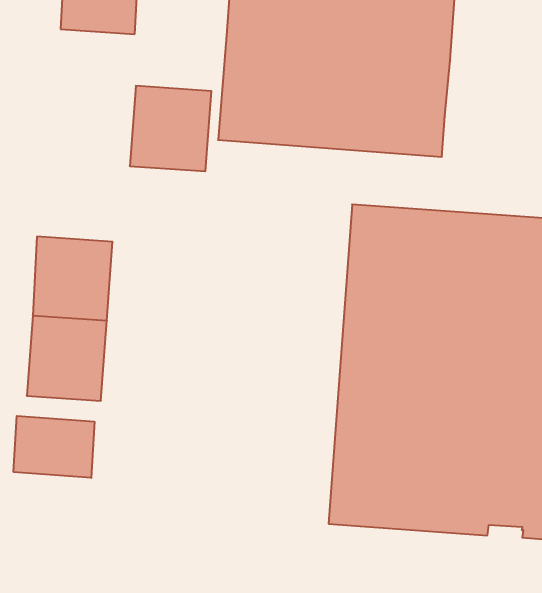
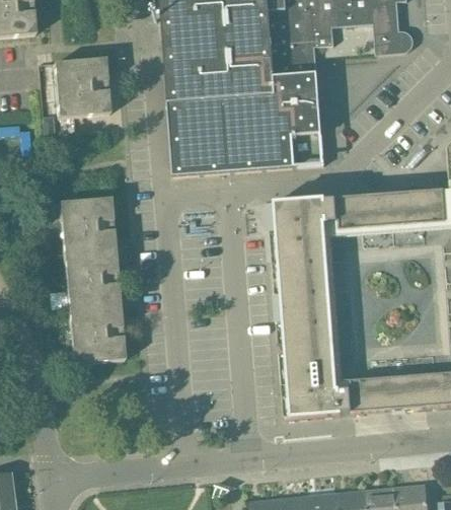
building: [130,86,211,171] -> [61,200,116,258]
building: [14,416,94,478] -> none

